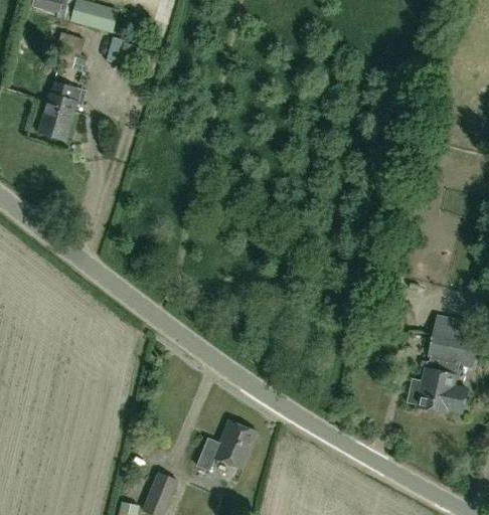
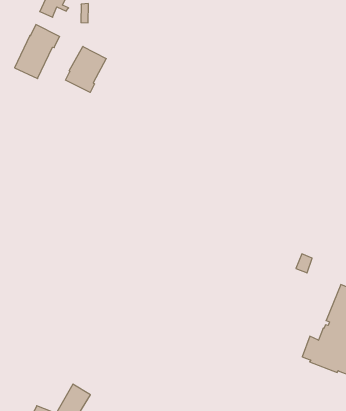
building: none -> [66,46,106,92]
building: [197,420,258,471] -> none

